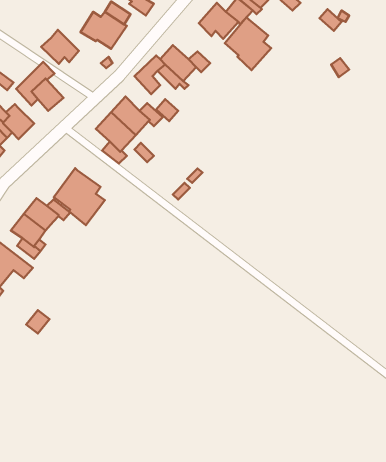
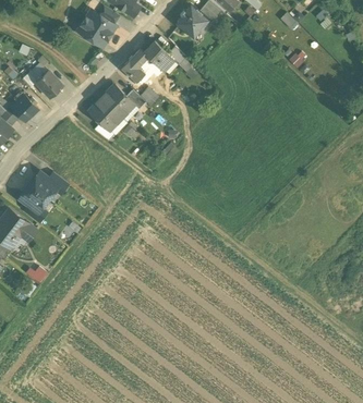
building: [225,17,271,70] -> none
building: [41,30,79,64] -> none
building: [54,168,105,225] -> none

